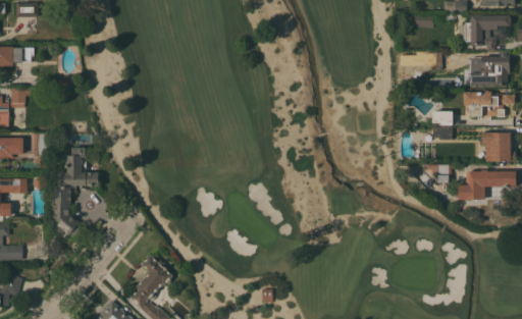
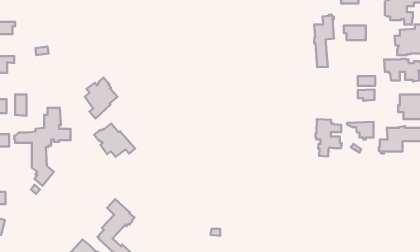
building: none -> [314,14,334,67]
building: none -> [85,78,117,118]
building: none -> [316,119,342,156]
building: none -> [94,123,135,157]

